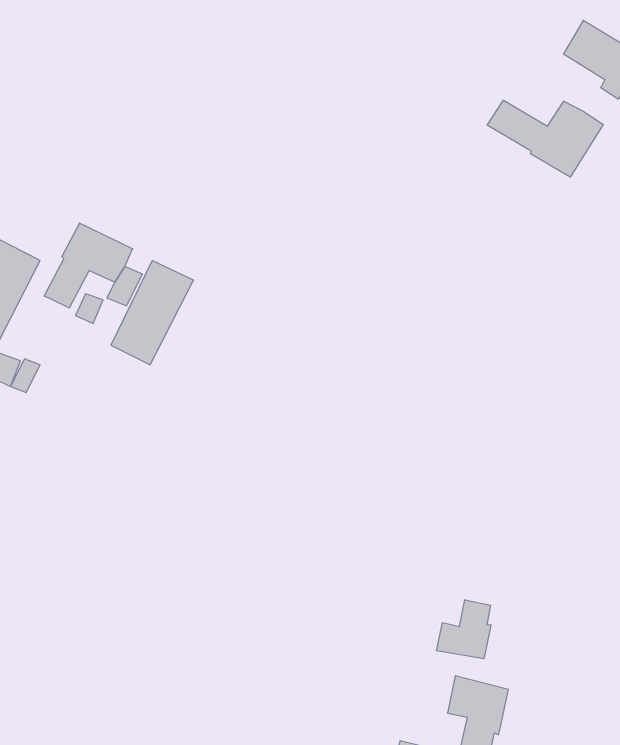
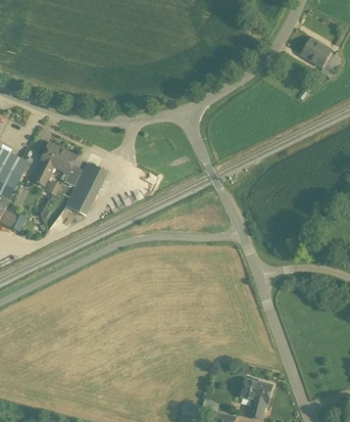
building: [487,100,603,177] -> none
building: [437,600,491,659] -> none

